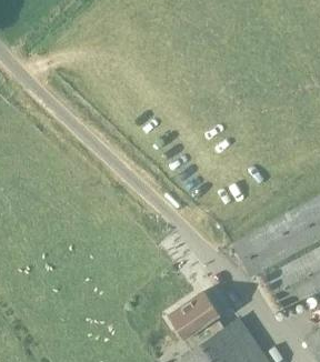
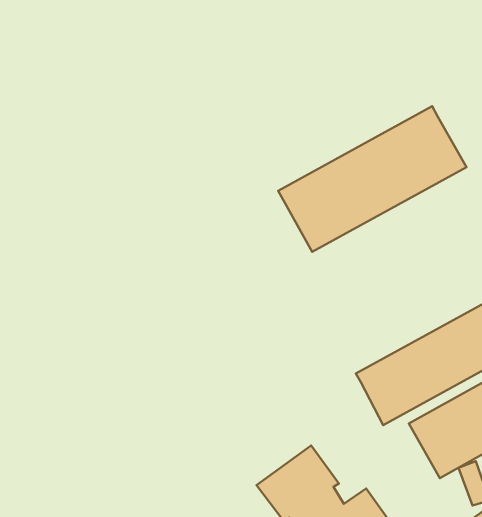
building: none -> [278,106,466,252]

